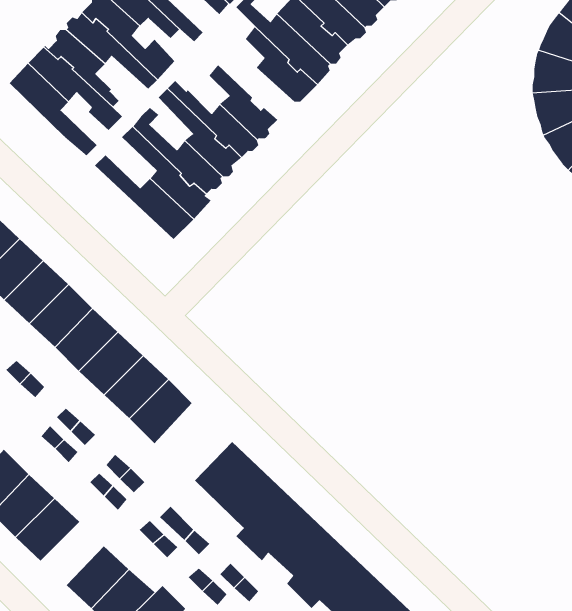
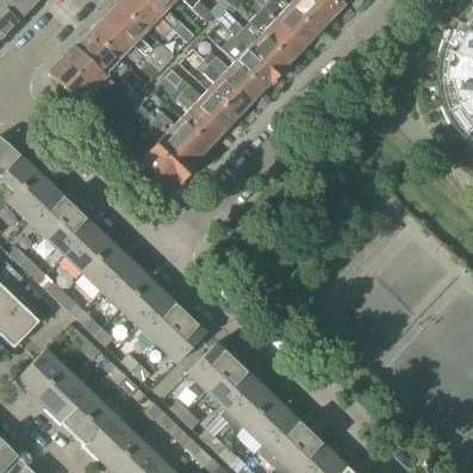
building: none -> [205,50,263,100]
building: none -> [158,313,206,362]
building: none -> [73,403,120,450]

